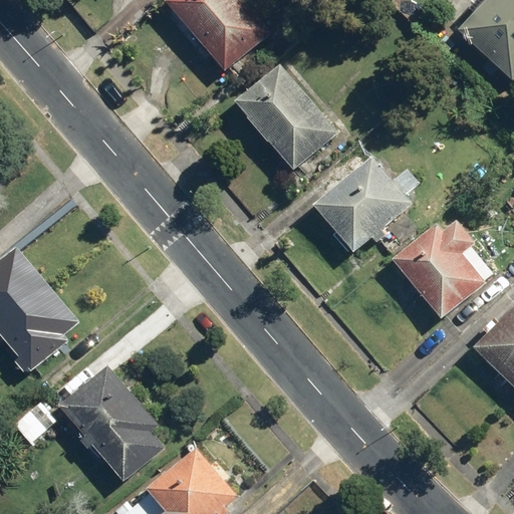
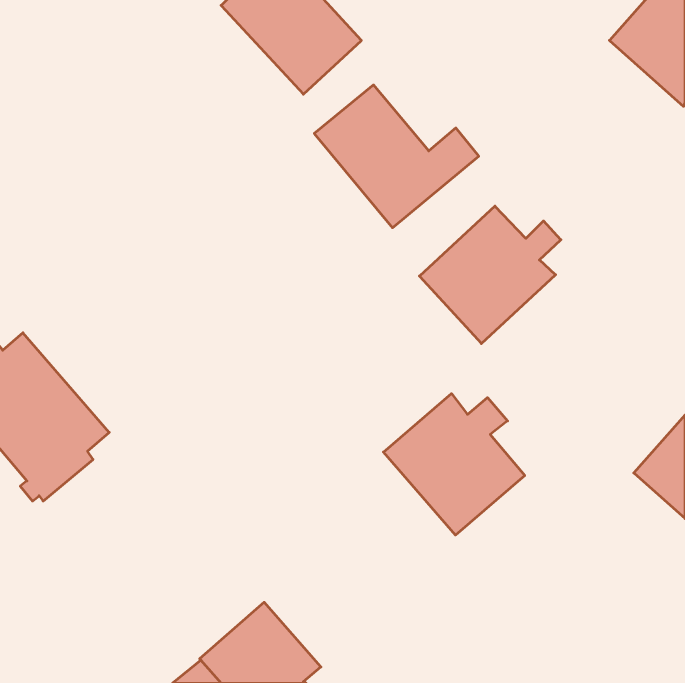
building: [387,209,499,321] -> none
building: none -> [383,394,525,535]
building: [57,363,164,481] -> none

